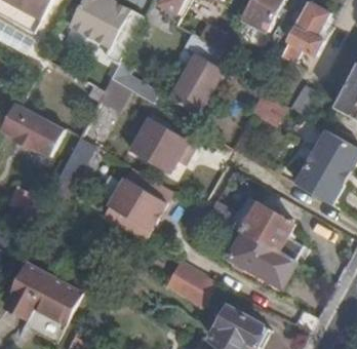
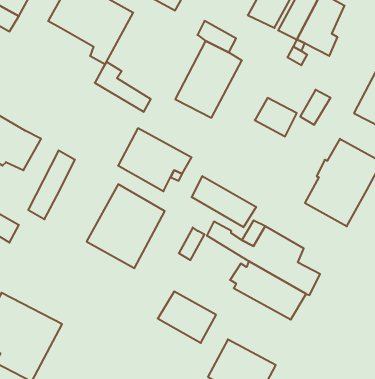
building: none -> [192,176,256,227]

